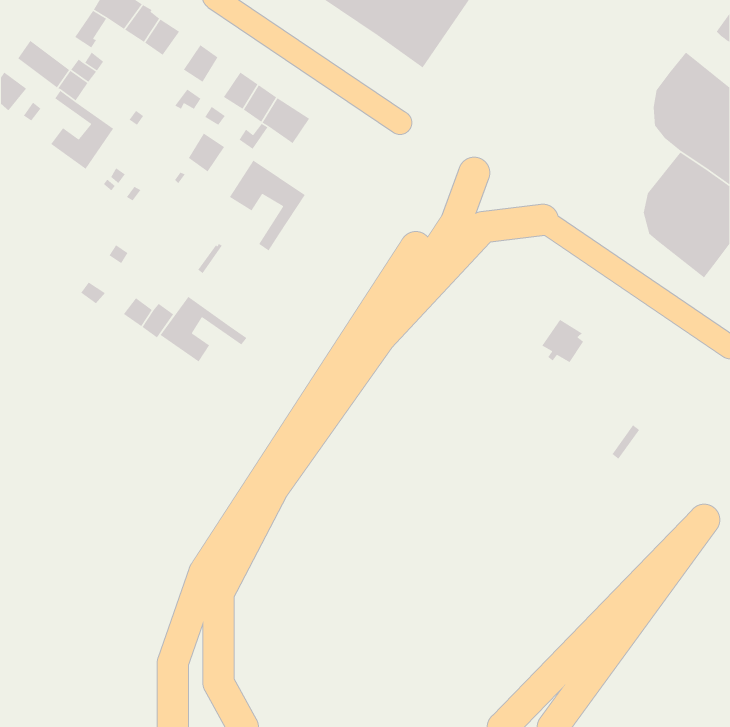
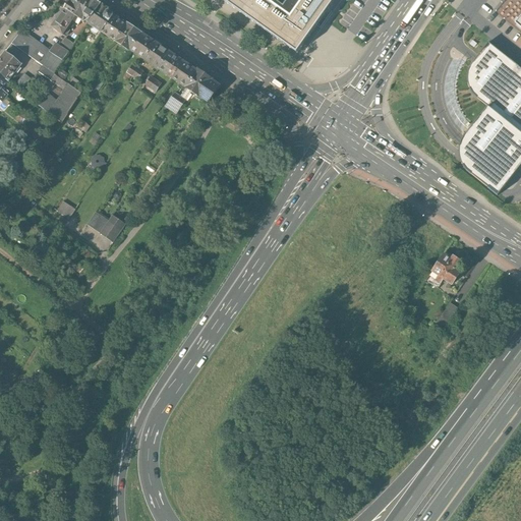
building: none -> [116,22,142,50]
building: [188,132,225,172] -> [144,41,171,69]
building: [229,160,306,251] -> none
building: [160,296,247,363] -> none
building: [541,319,584,363] -> [431,250,462,282]

